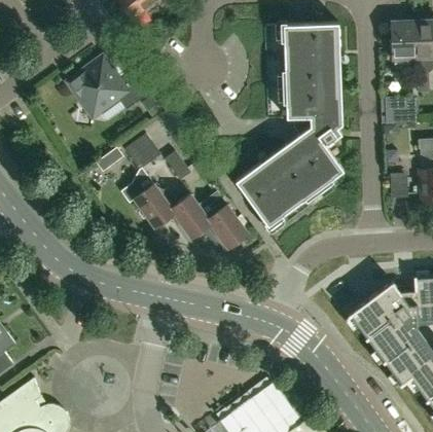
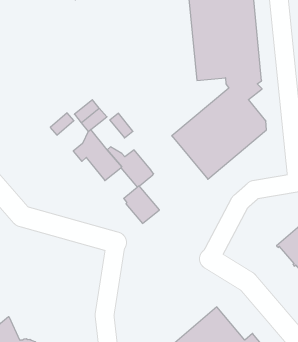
building: [69,60,147,112] -> none
building: [208,206,248,249] -> [124,186,159,223]

